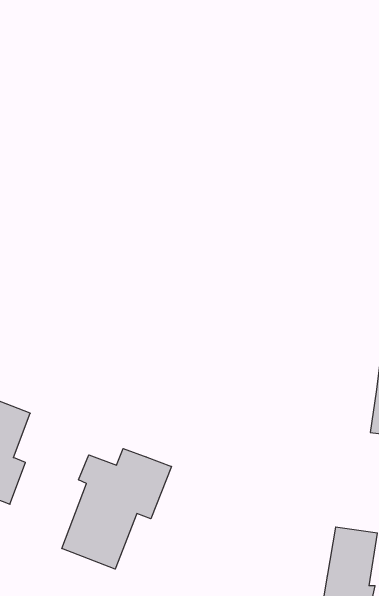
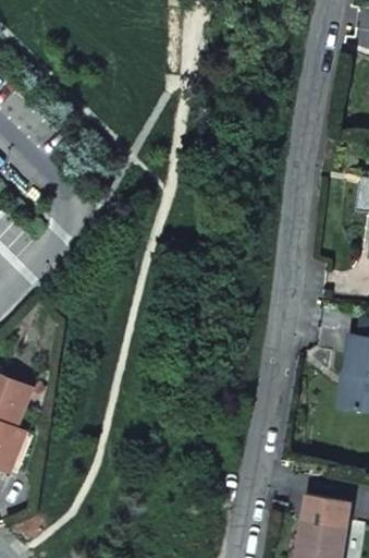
building: [62,449,171,569] -> none

